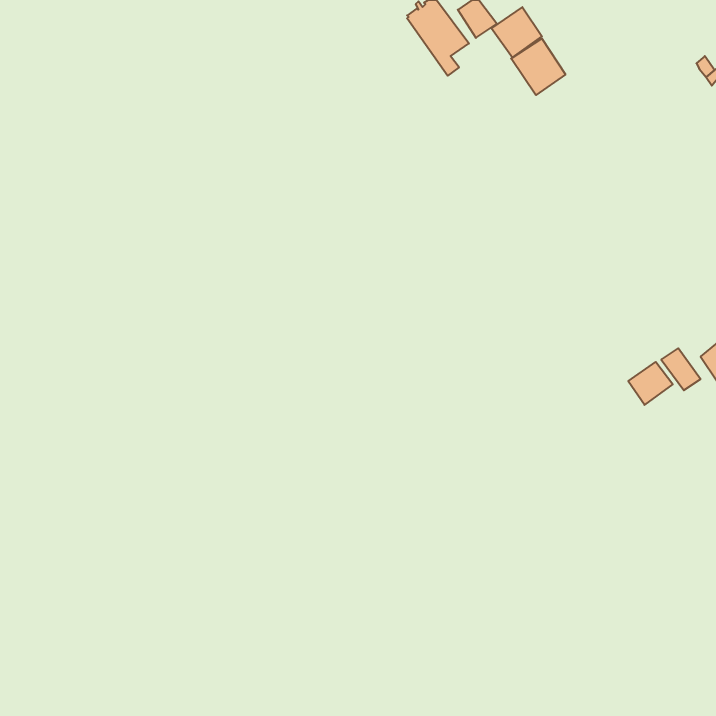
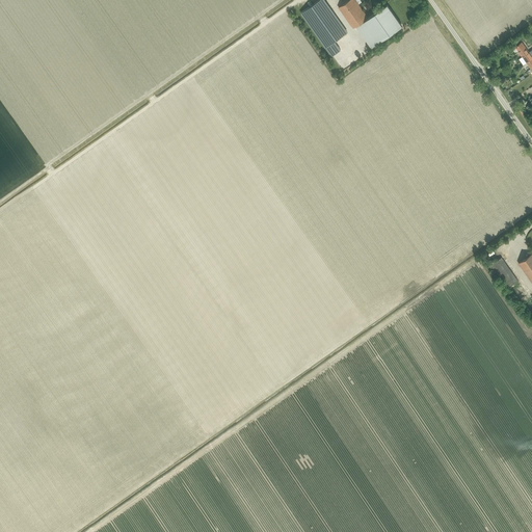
building: [511,39,565,95] -> none
building: [628,362,673,405] -> none

